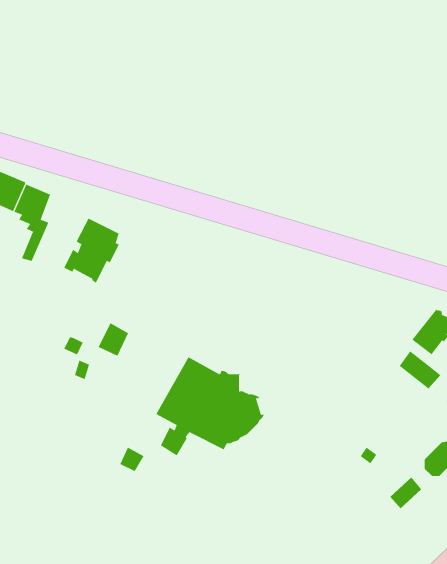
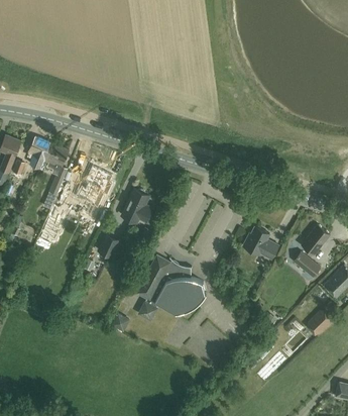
building: none -> [122,188,152,221]
building: none -> [242,226,278,258]

